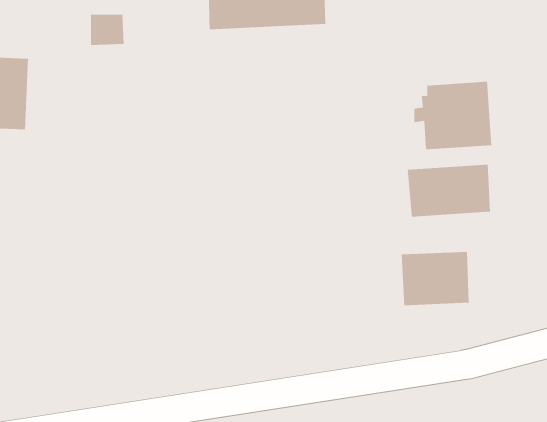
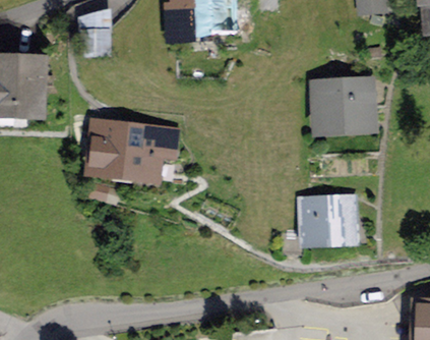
building: none -> [94,127,177,175]
building: [407,164,491,218] -> none

